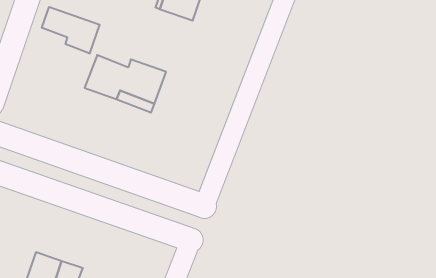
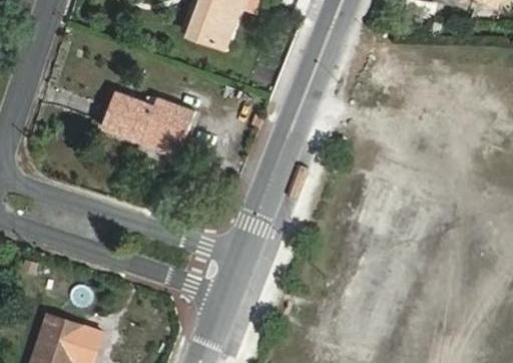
building: [42,7,100,54] -> none

